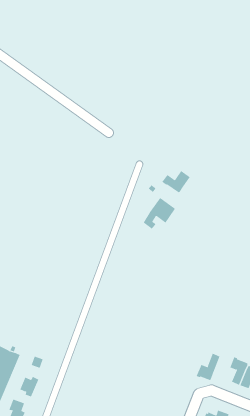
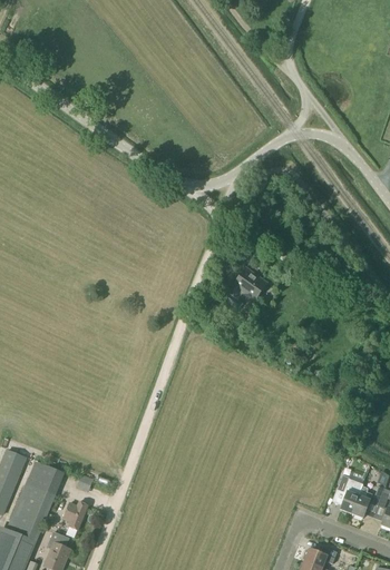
building: [161,170,191,193] -> none
building: [196,353,220,381] -> none

